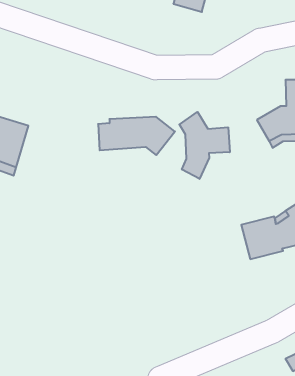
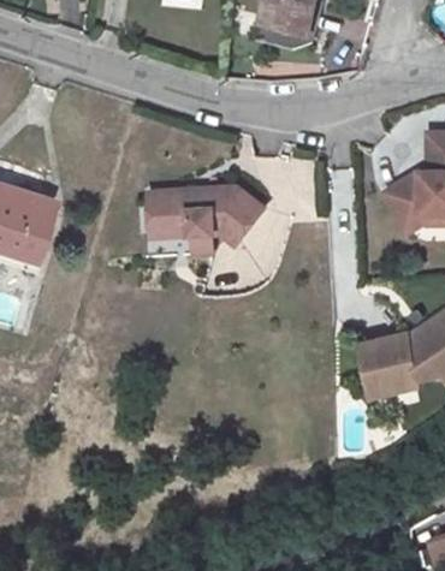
building: [179,112,230,179] -> none

